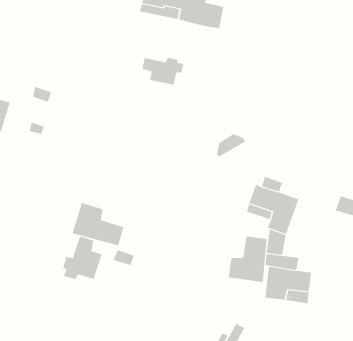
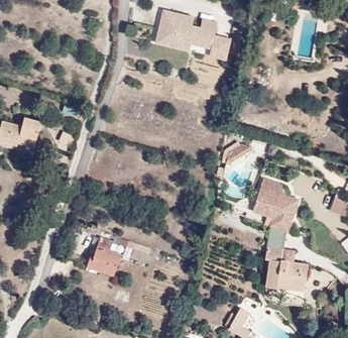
building: [142,57,184,86] -> none
building: [72,202,124,246] -> none
building: [228,236,267,283] -> none

